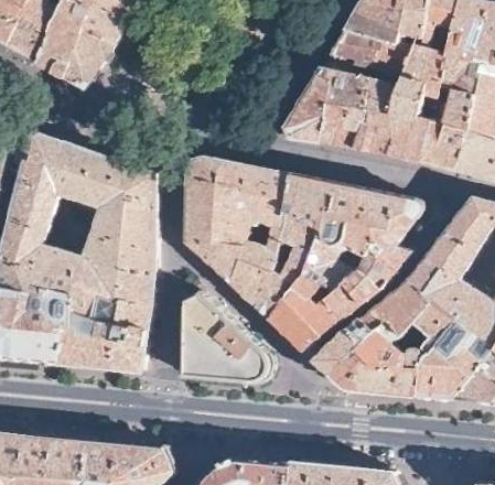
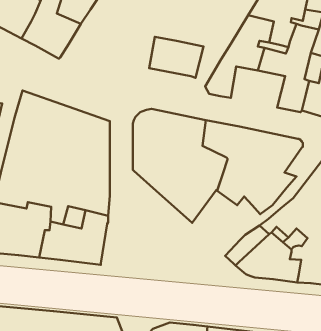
building: [320,100,395,157] -> [149,37,204,78]
building: [267,270,361,351] -> none
building: [182,293,268,381] -> none

